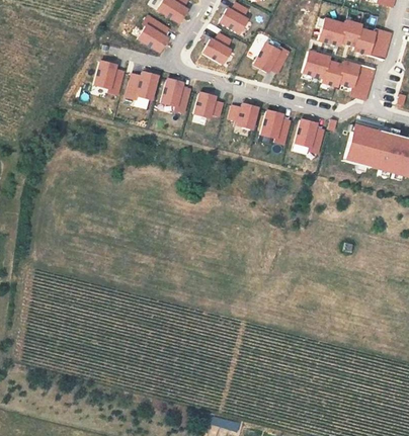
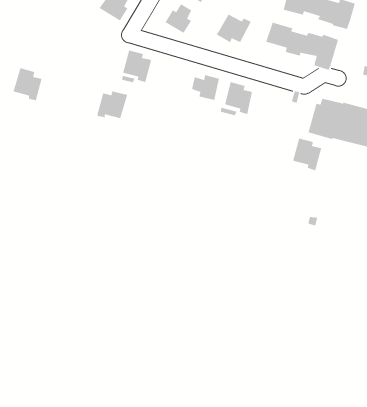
building: [95,60,125,93] -> [13,67,43,101]
building: [128,71,159,99] -> [96,90,128,119]
building: [194,91,224,117] -> none
building: [296,118,325,152] -> [292,137,322,171]

